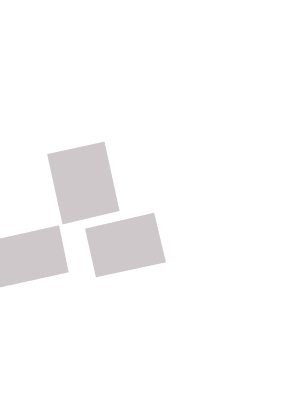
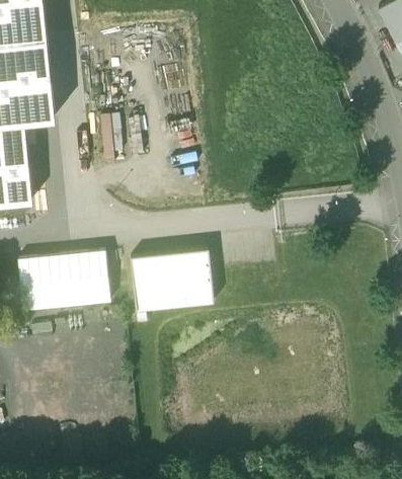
building: [46,141,120,225] -> none

